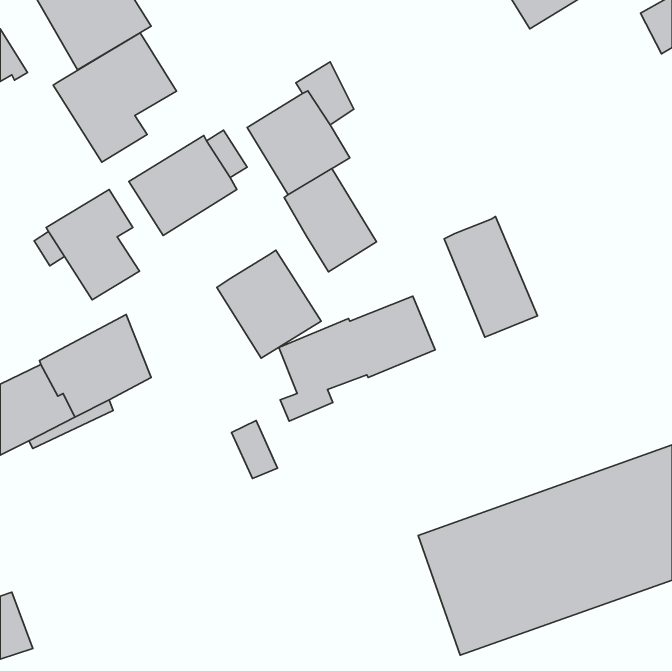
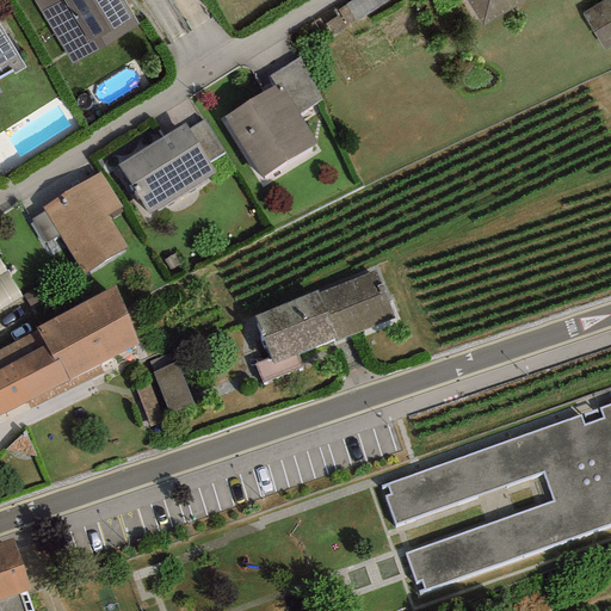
building: [53,33,177,162] -> none
building: [284,169,376,272] -> none
building: [444,217,537,337] -> none
building: [217,250,321,358] -> none
building: [231,421,277,479] -> [154,364,196,416]

